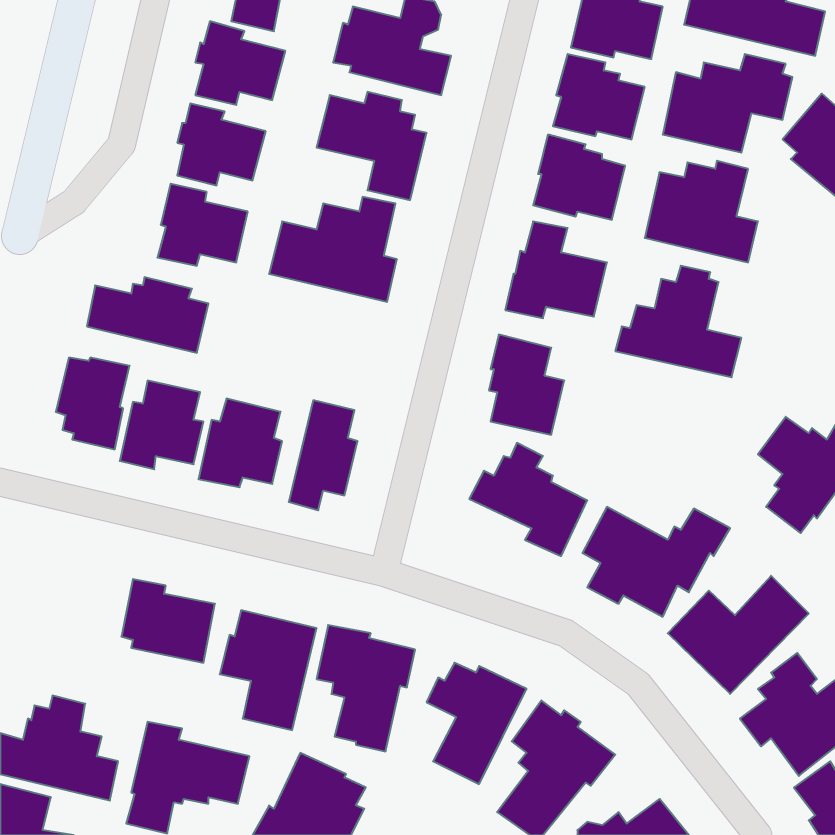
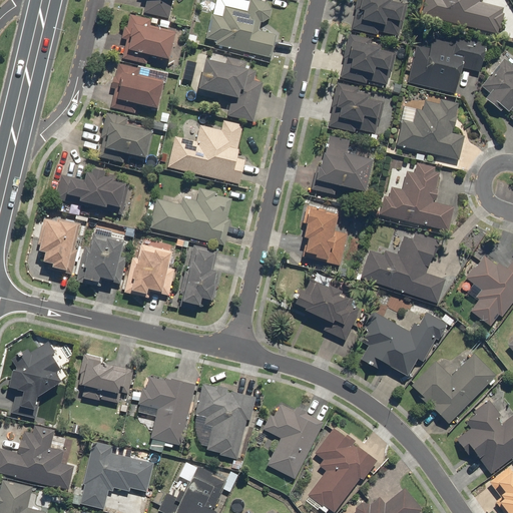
building: none -> [148,187,232,245]
building: none -> [360,231,446,303]
building: none -> [6,341,64,418]

